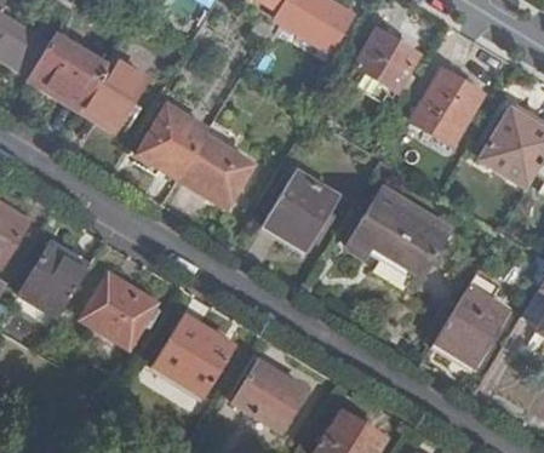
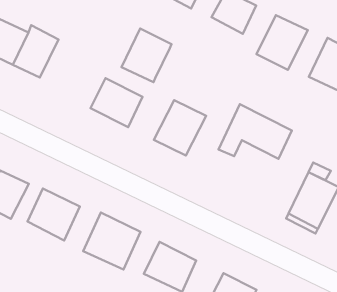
building: [138,103,208,177] -> [122,29,171,82]

